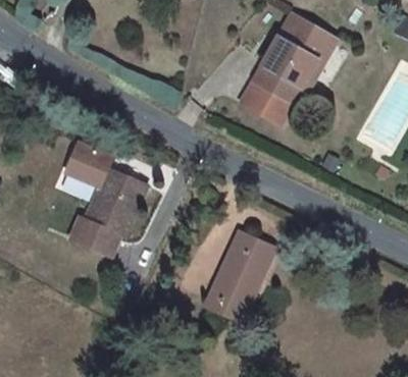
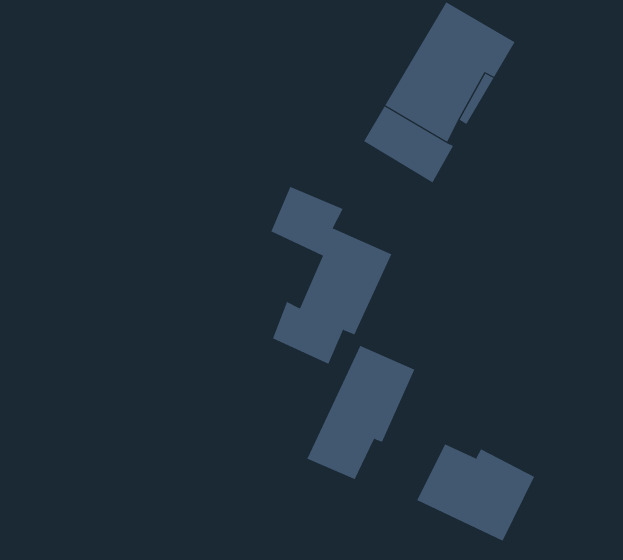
building: [68,139,145,251] -> [270,186,392,364]
building: none -> [416,444,535,541]

